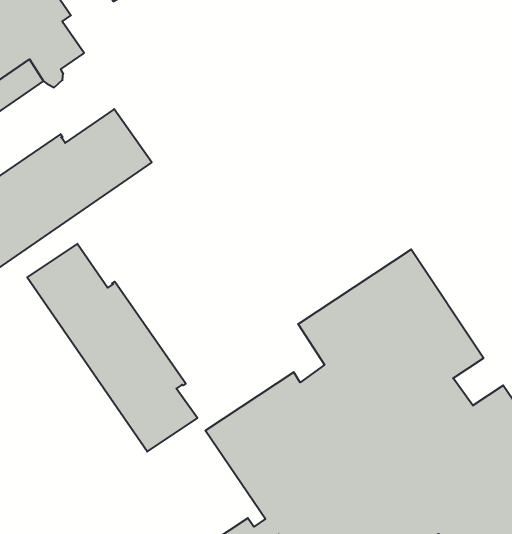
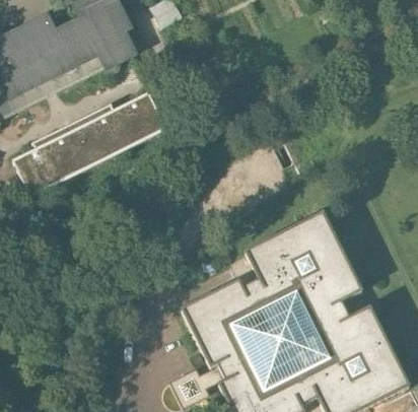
building: [27,244,197,452] -> none

